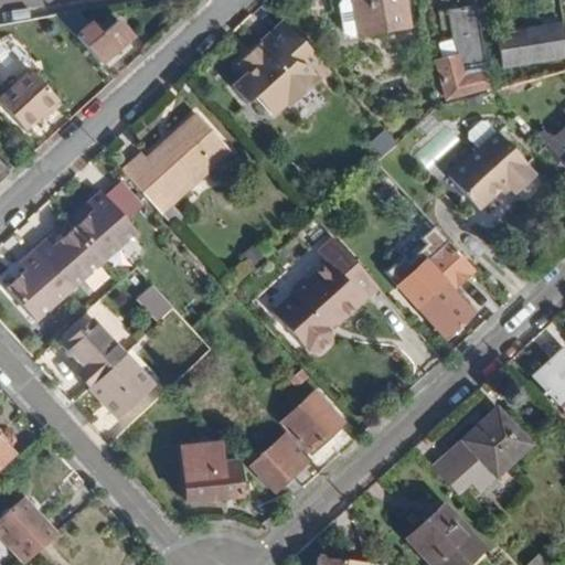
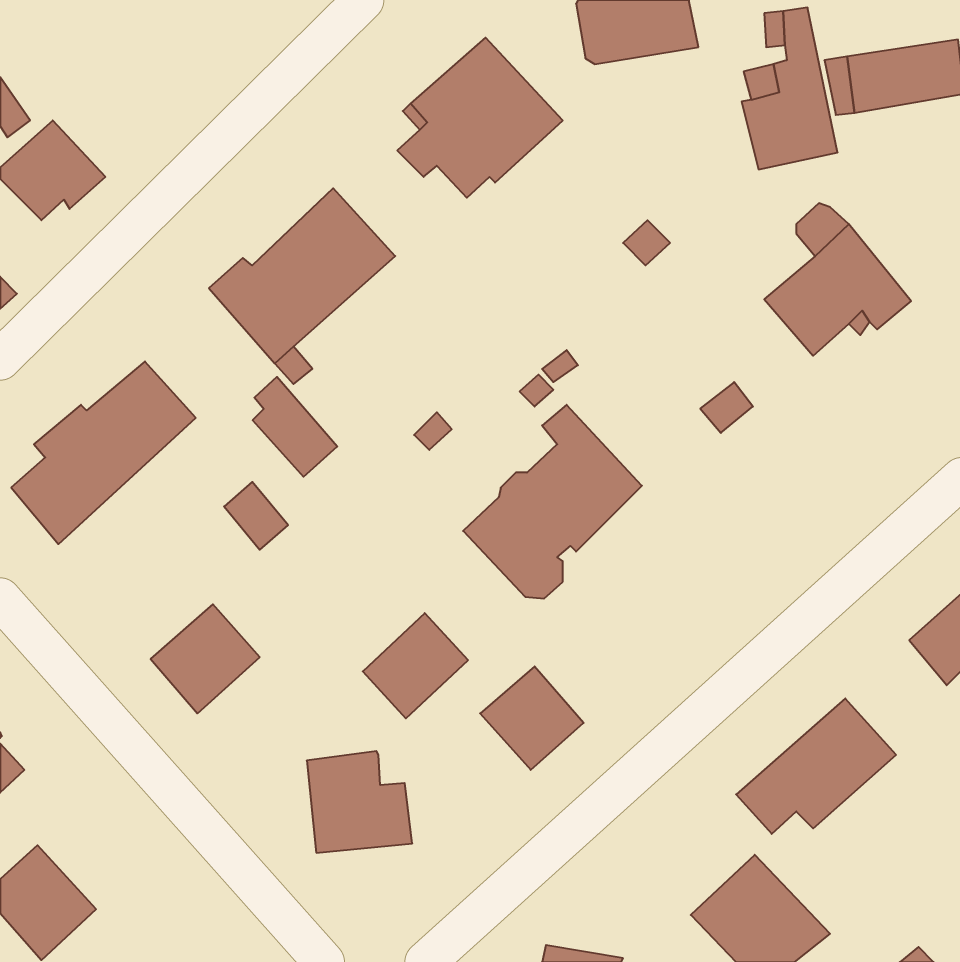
building: [76,20,132,64] -> none
building: [86,186,136,245] -> [253,377,337,477]
building: [402,242,476,337] -> none
building: [65,318,126,386] -> none
building: [249,430,311,492] -> [363,613,468,718]

